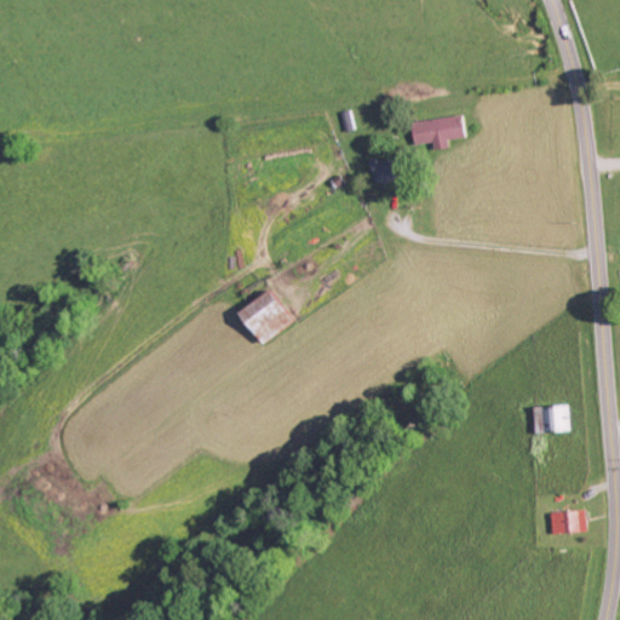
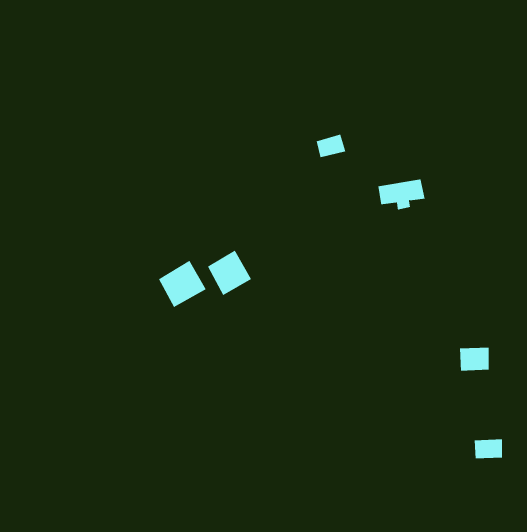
building: [408,114,464,150] -> [377,179,425,210]
building: none -> [158,260,206,308]

